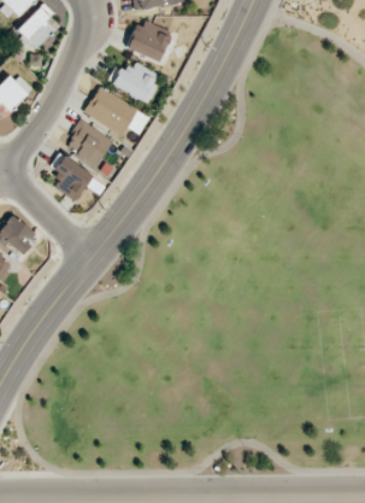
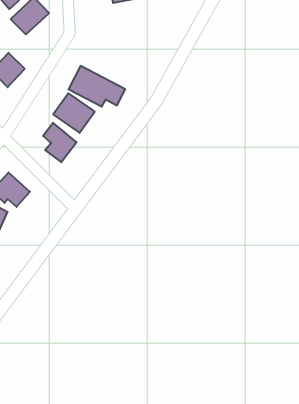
building: [129,19,173,62] -> none
building: [110,60,164,105] -> none

